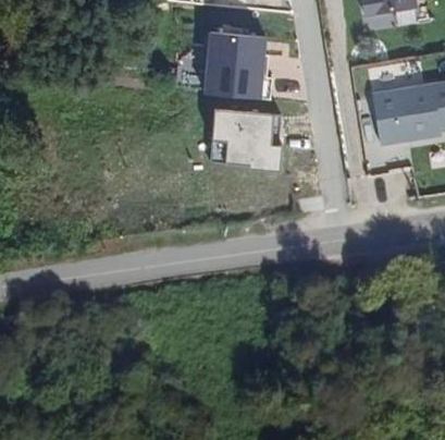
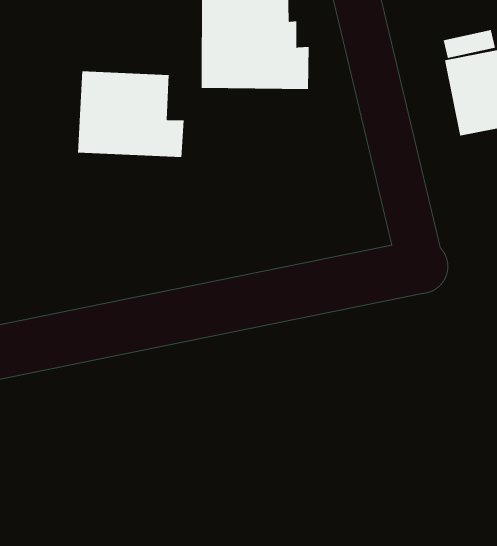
building: [208,109,285,174] -> [77,71,184,157]

